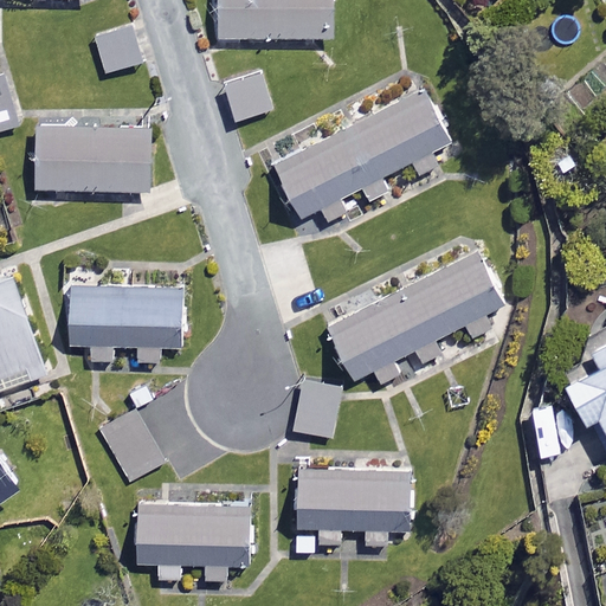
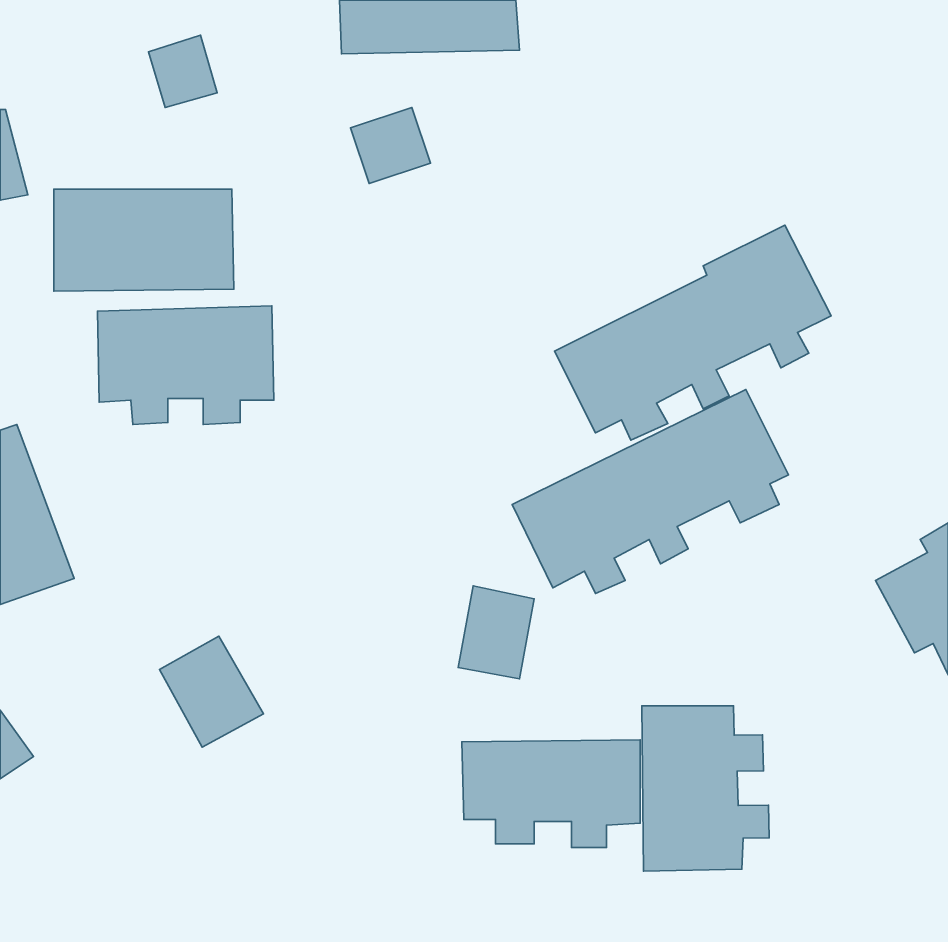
building: [273,84,450,221] -> [555,225,831,440]
building: [69,285,181,361] -> [97,306,274,424]
building: none -> [642,706,769,871]
building: [134,503,250,580] -> none

